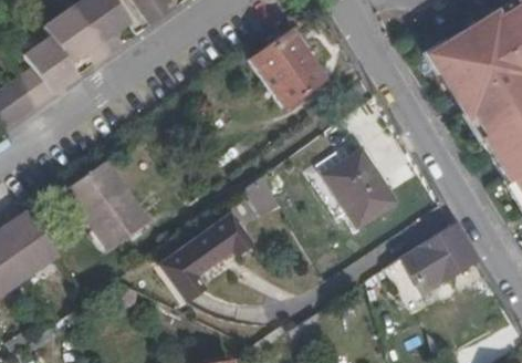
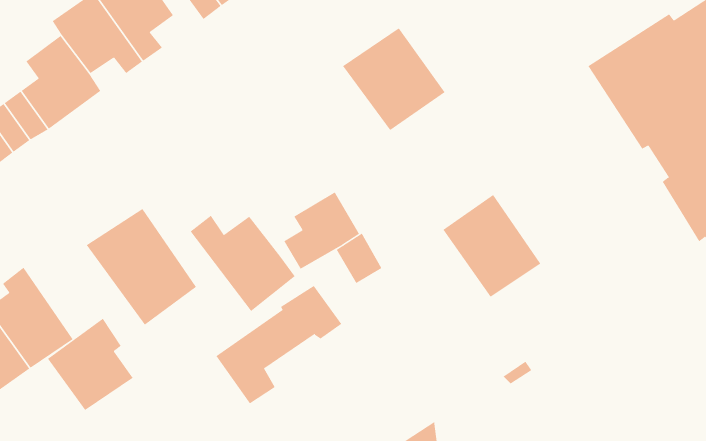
building: none -> [284,192,360,270]
building: none -> [190,215,296,312]
building: [400,221,474,297] -> none
building: none -> [47,318,134,411]

